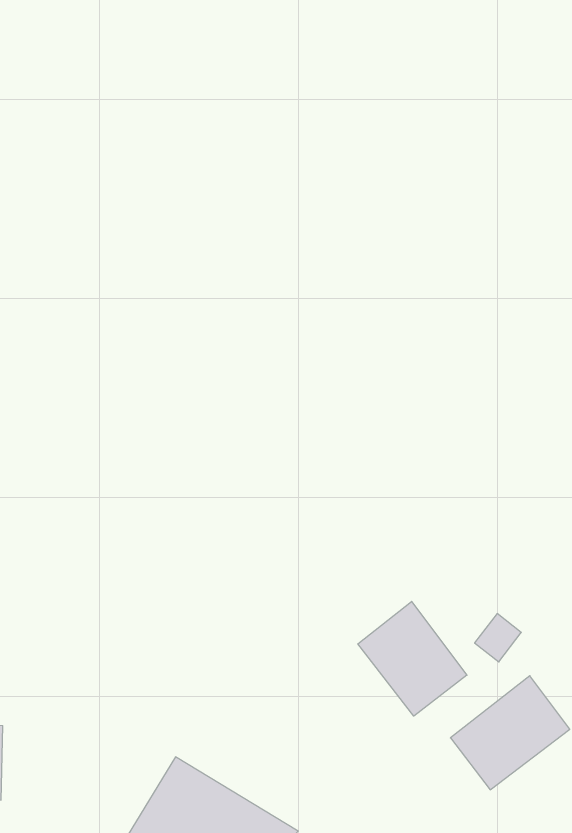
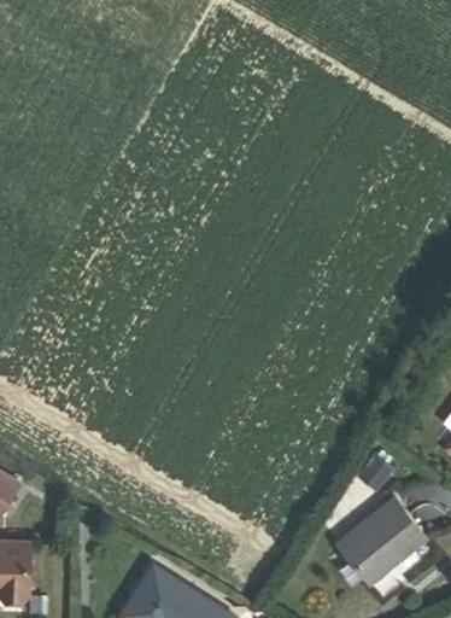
building: [358,601,467,716] -> none

